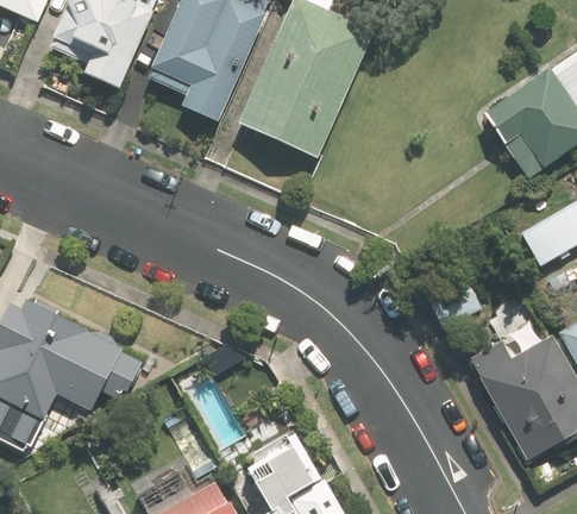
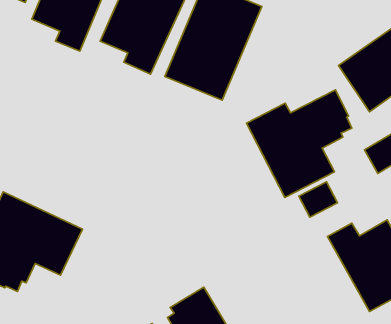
building: none -> [247,90,352,198]

